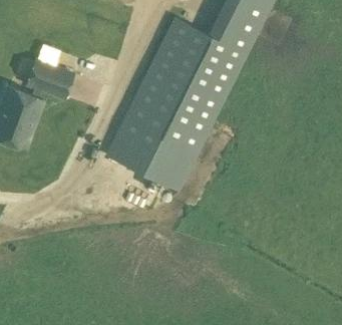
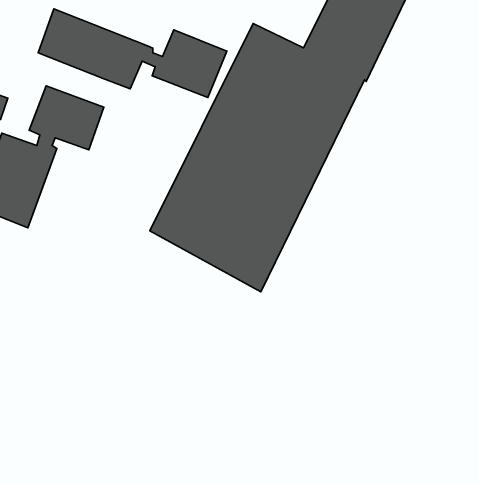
building: none -> [38,9,227,98]

